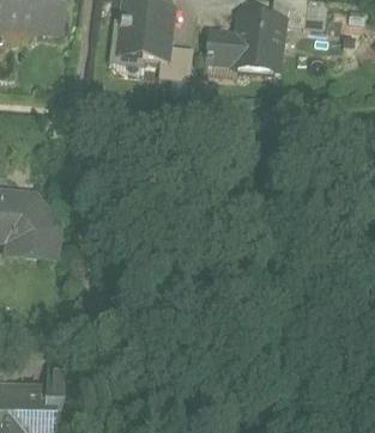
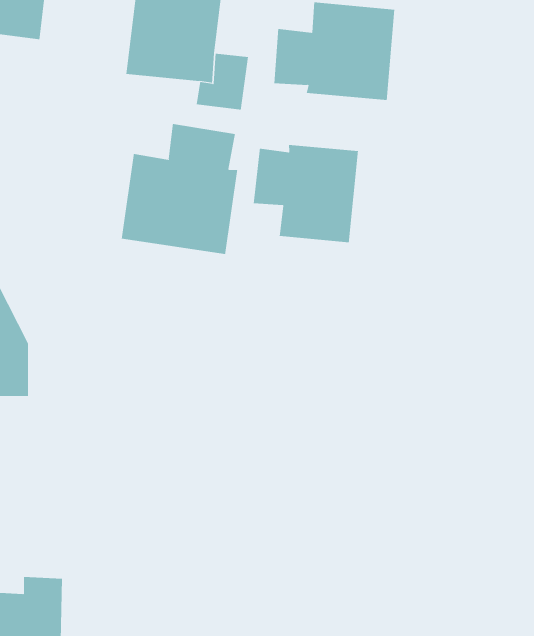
building: none -> [121,123,238,255]
building: none -> [253,144,359,243]

